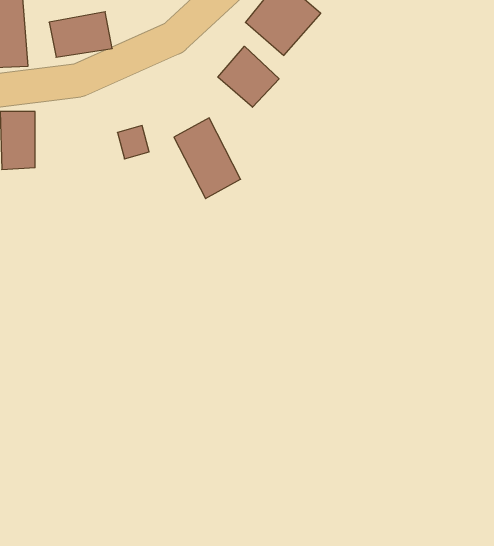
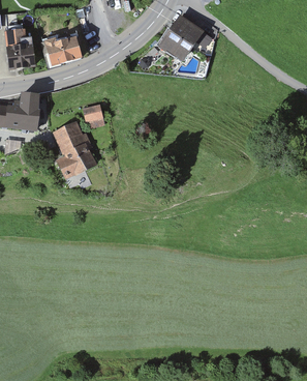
building: [218,46,279,107] -> none
building: [174,118,241,199] -> [54,122,93,170]

